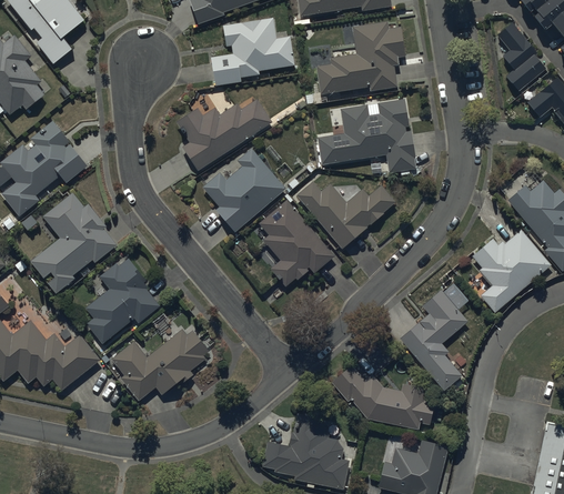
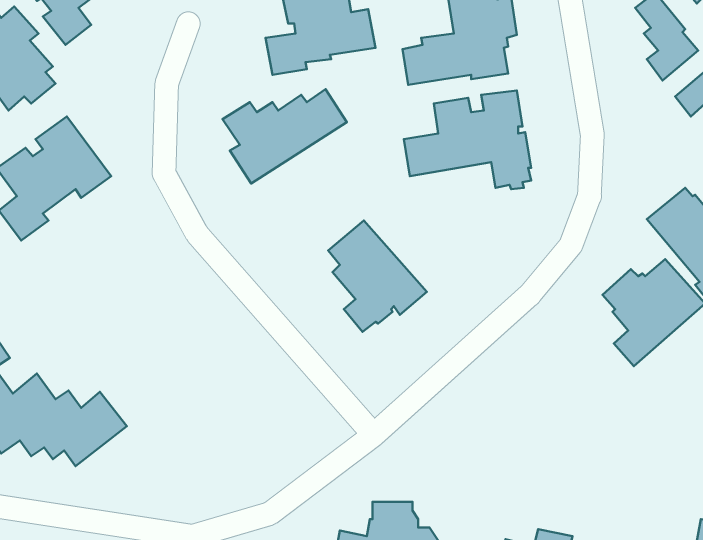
building: [201,148,286,232] -> none
building: [296,181,394,249] -> none
building: [30,192,118,293] -> none
building: [85,258,161,344] -> none
building: [397,283,469,392] -> none
building: [111,329,210,401] -> none
building: [330,364,433,430] -> none

